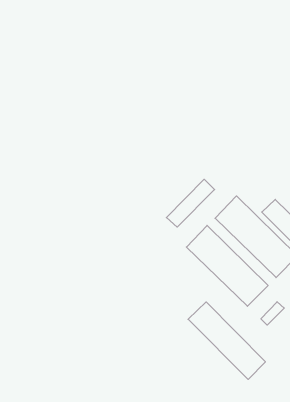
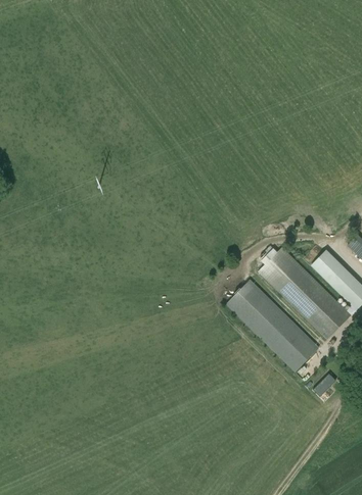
building: [166,179,215,227] -> none
building: [188,302,265,379] -> none

